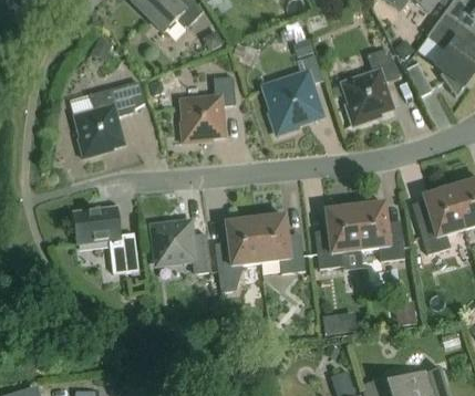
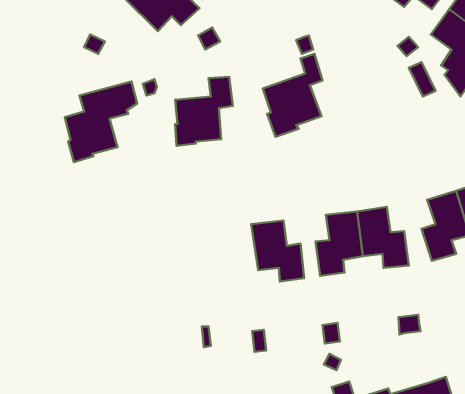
building: [341,48,401,125] -> none
building: [73,206,138,273] -> none
building: [216,218,260,291] -> none
building: [153,221,210,273] -> none

